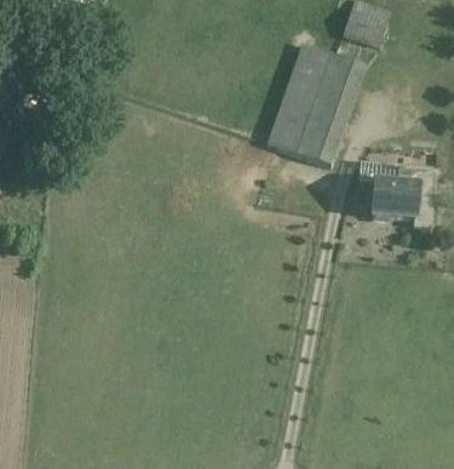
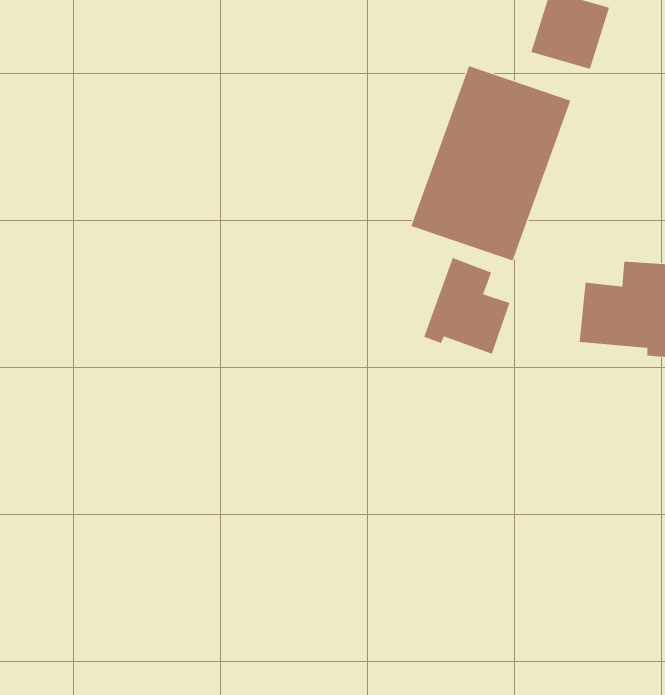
building: none -> [423,257,510,354]

